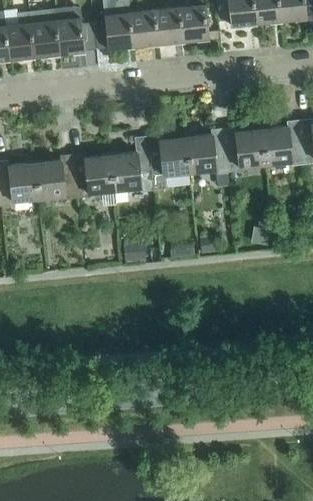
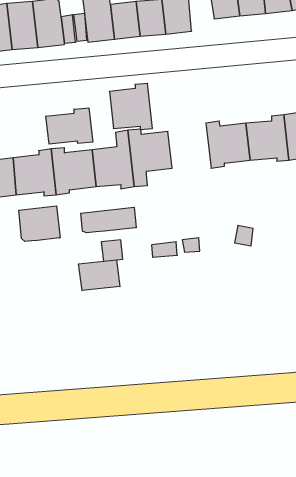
building: none -> [46,108,93,144]
building: [187,129,229,174] -> [109,83,152,129]
building: none -> [19,206,60,241]
building: none -> [81,207,136,233]
building: none -> [79,260,120,291]

